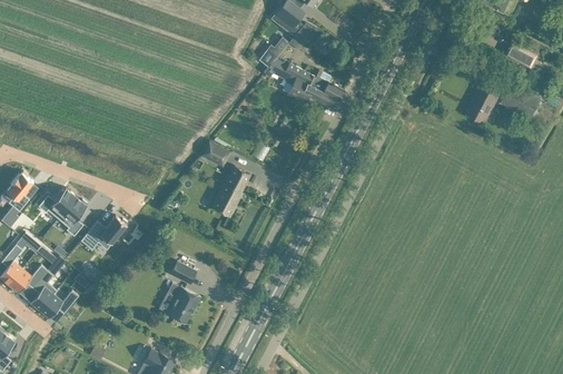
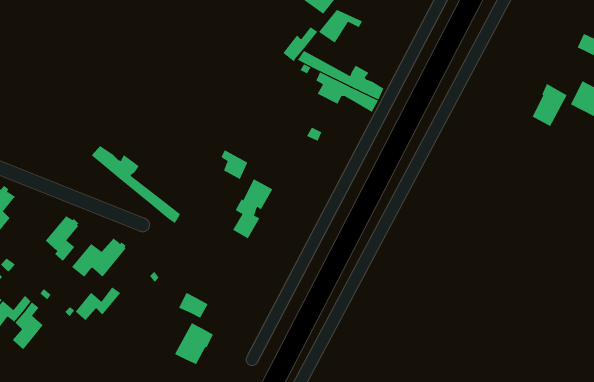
building: none -> [91,145,181,224]
building: [38,188,76,218] -> none
building: [40,289,79,318] -> [75,286,121,321]

